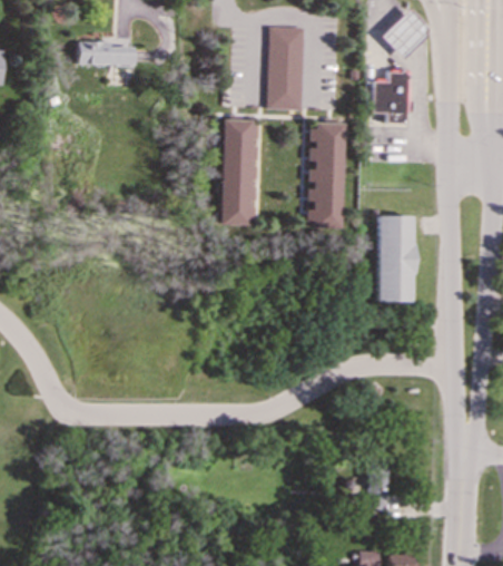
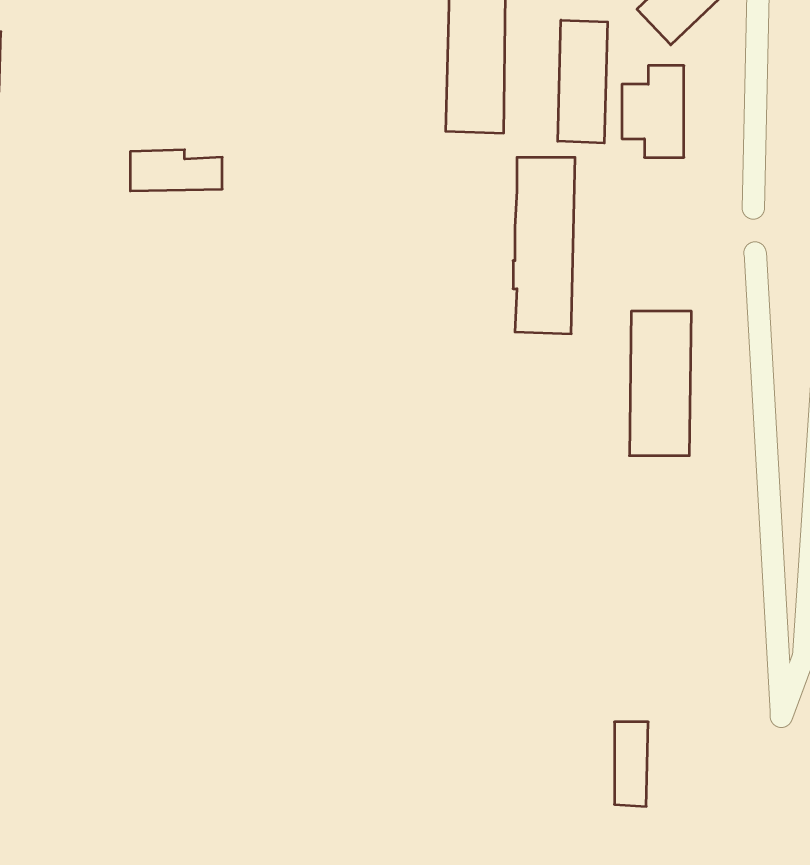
building: [79,40,134,65] -> [130,150,222,191]
building: none -> [558,20,608,143]
building: [221,119,258,225] -> none

